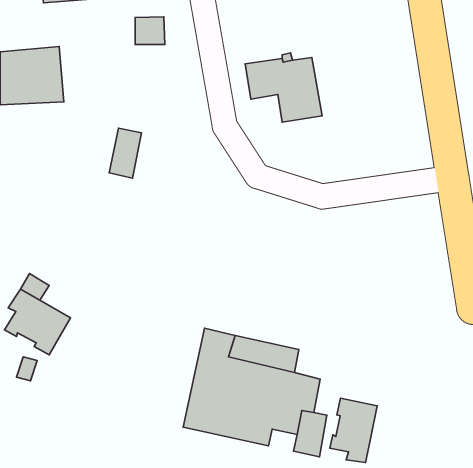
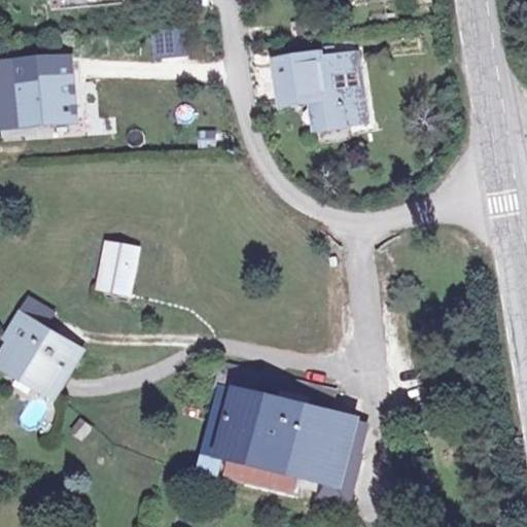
building: [109,128,142,178] -> [103,239,139,294]
building: [330,398,377,462] -> none

